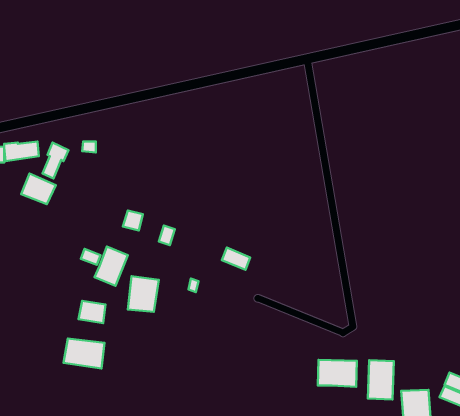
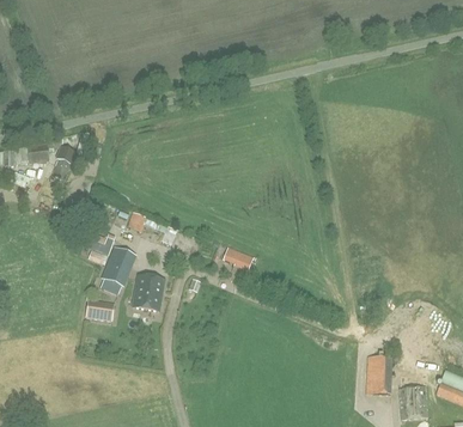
building: [21,173,56,204] -> none
building: [64,338,105,368] -> none
building: [318,360,357,387] -> none

